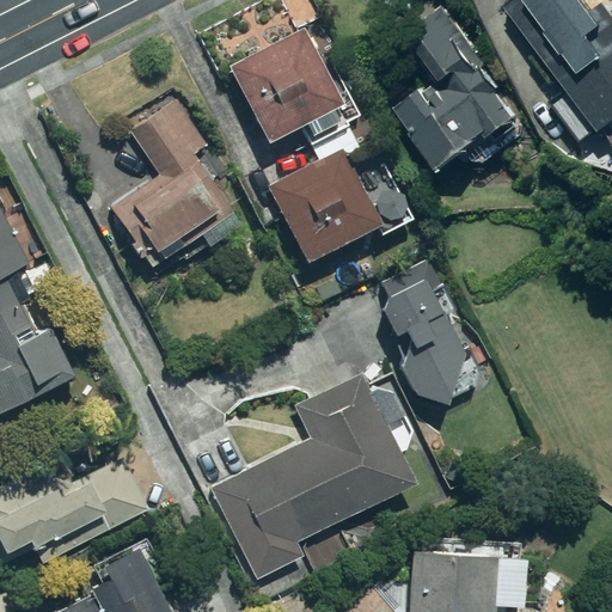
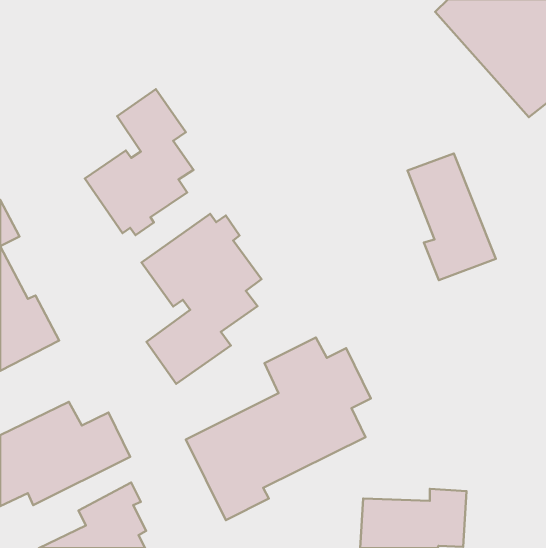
building: [393,7,524,173] -> none
building: [230,32,378,261] -> none
building: none -> [142,214,262,384]
building: [379,263,477,404] -> [408,153,496,280]

